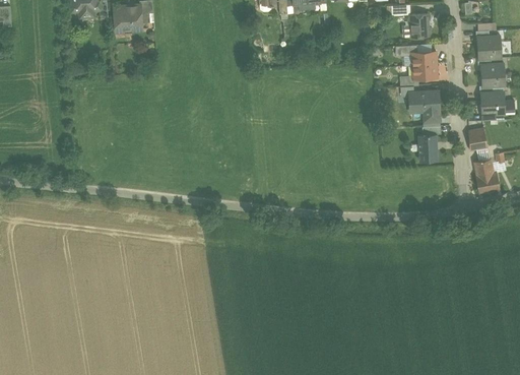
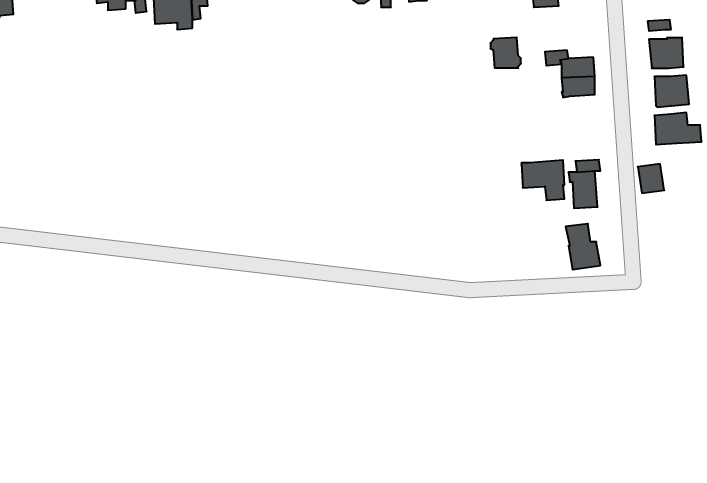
building: [407,13,430,36] -> [490,37,521,68]
building: [407,90,439,120] -> [521,160,564,200]
building: [473,159,499,192] -> [566,224,600,270]

